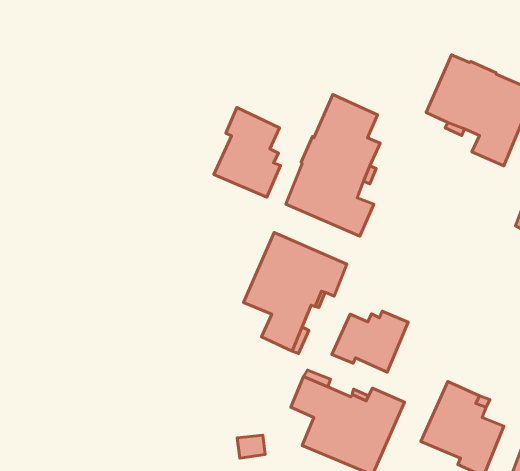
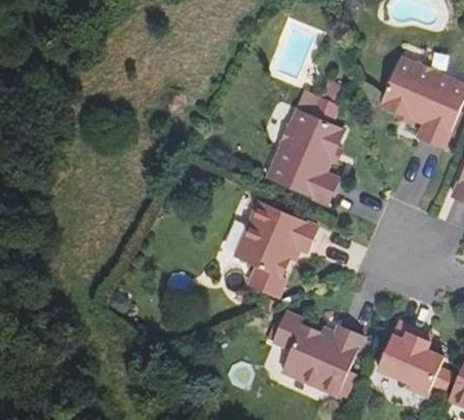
building: [214,108,281,197] -> none
building: [332,311,408,372] -> none

